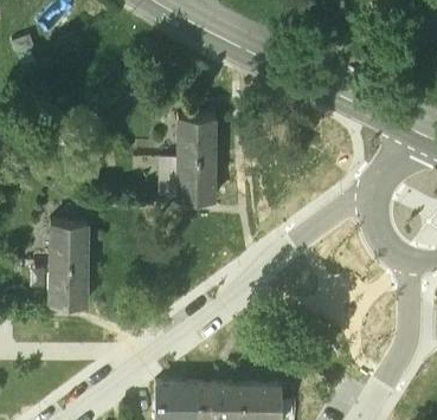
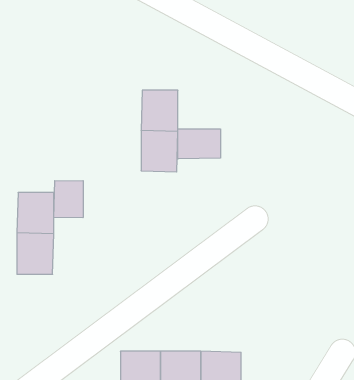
building: none -> [178,129,220,159]
building: none -> [54,181,83,218]

